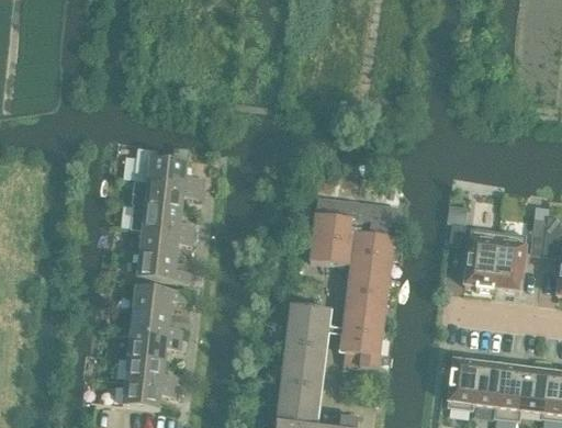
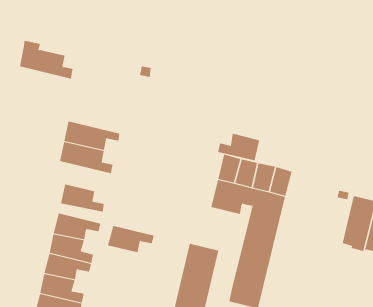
building: [135,148,198,187] -> [19,40,74,79]
building: none -> [218,133,260,161]
building: [130,226,192,256] -> [101,223,155,253]

